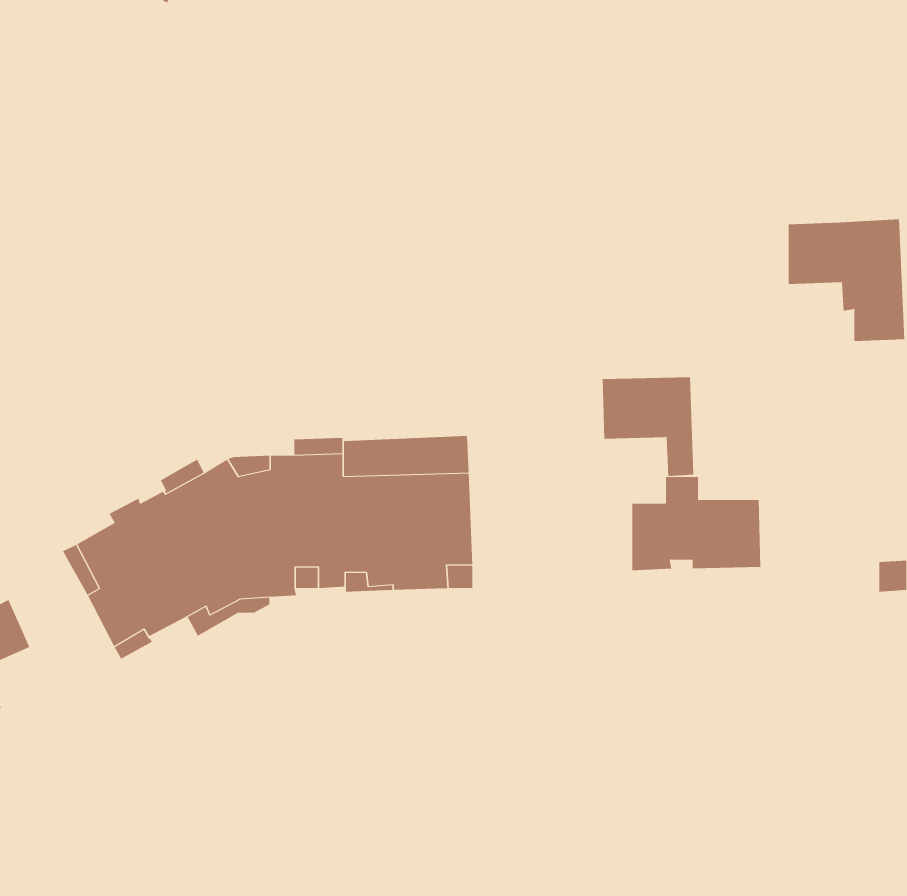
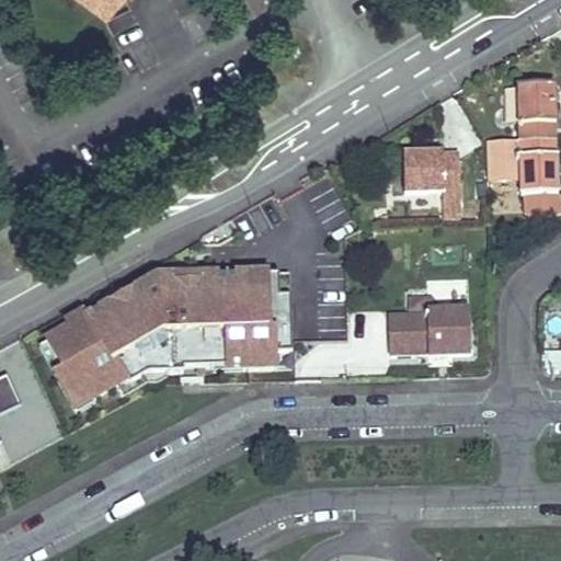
building: none -> [516,80,554,137]
building: [602,377,694,476] -> [402,150,459,211]

